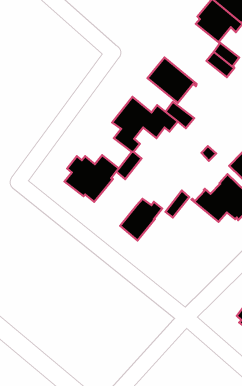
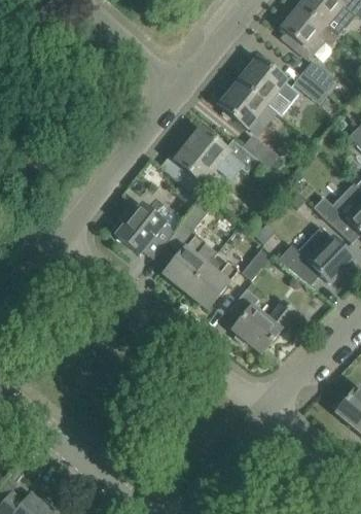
building: none -> [241,57,297,111]
building: none -> [163,234,216,289]
building: none -> [228,287,294,351]

